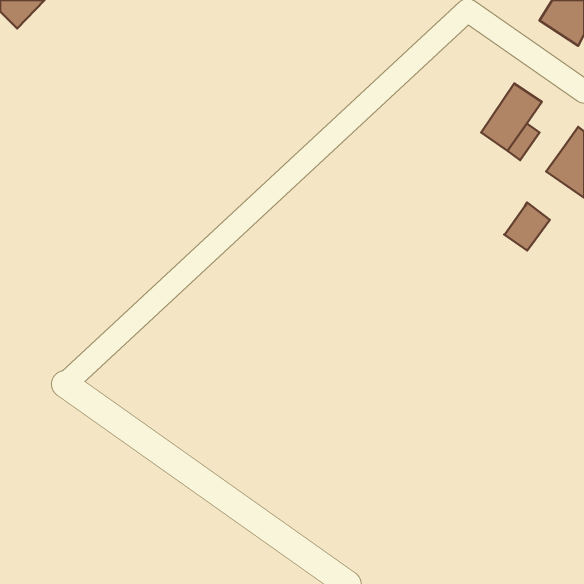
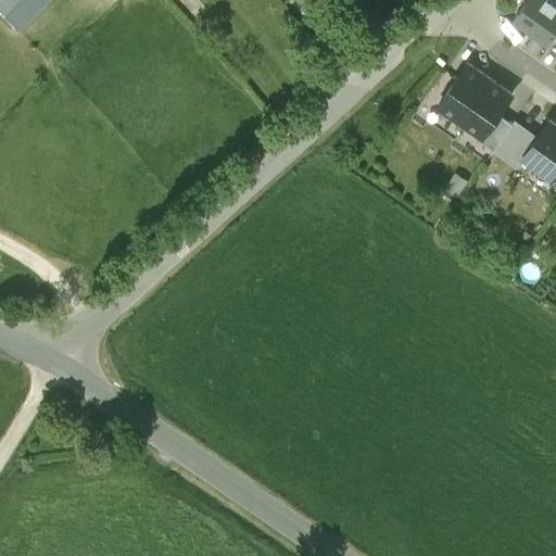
building: none -> [434,64,489,126]
building: [504,203,550,251] -> [493,123,536,168]

